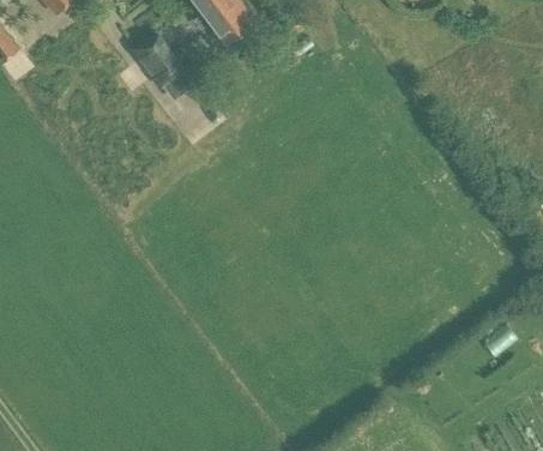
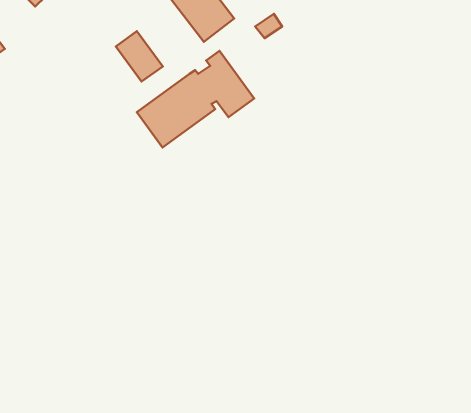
building: none -> [137,51,254,148]

